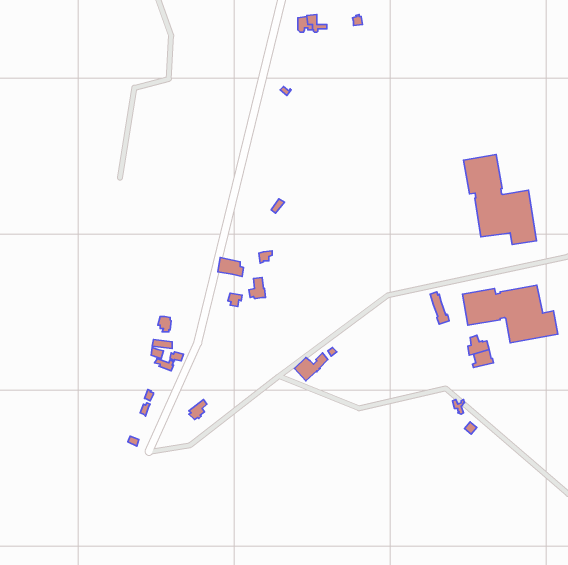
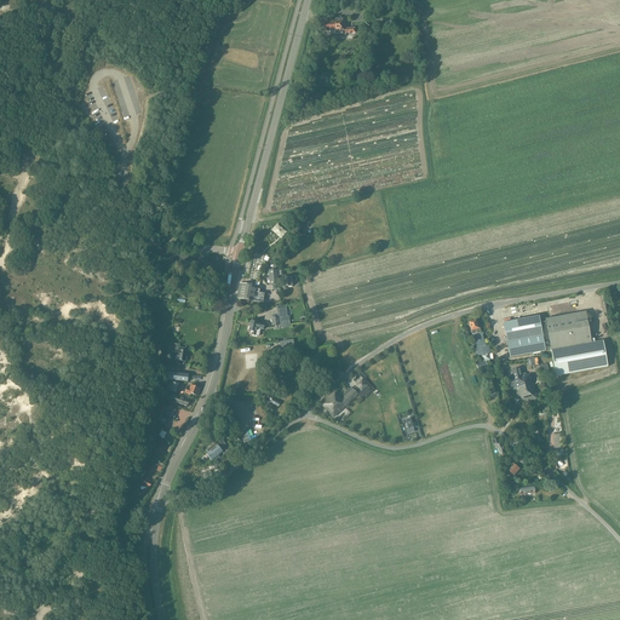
building: [464,155,537,245] -> none

